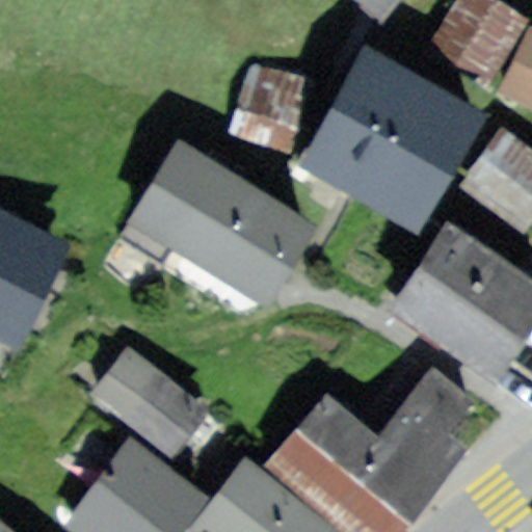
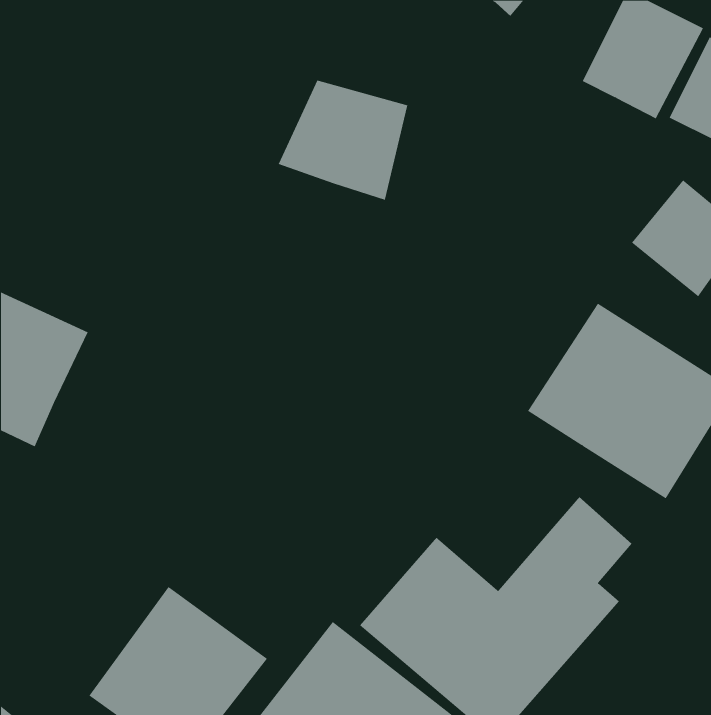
building: [303,52,475,222] -> none
building: [123,137,307,300] -> none
building: [103,354,207,452] -> none

